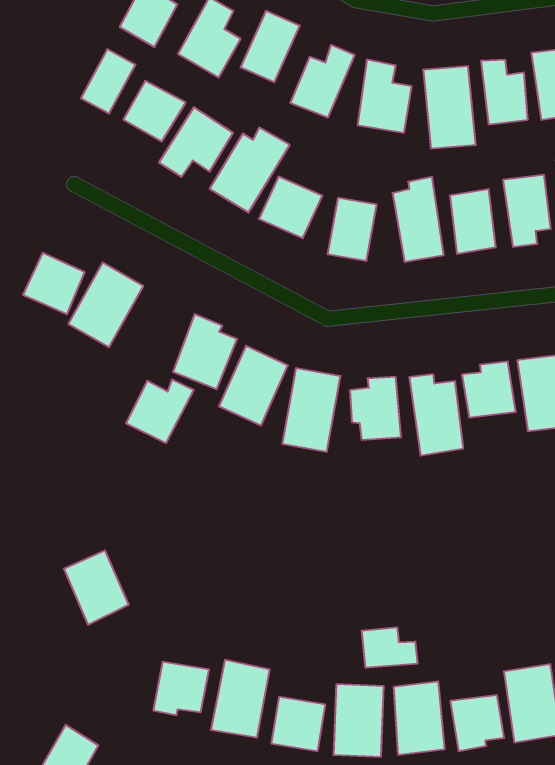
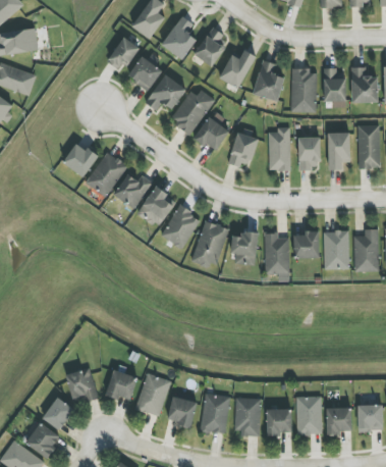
building: [126,380,194,443] -> [114,173,153,208]
building: [64,550,129,625] -> [66,367,99,406]
building: [362,627,417,668] -> none

